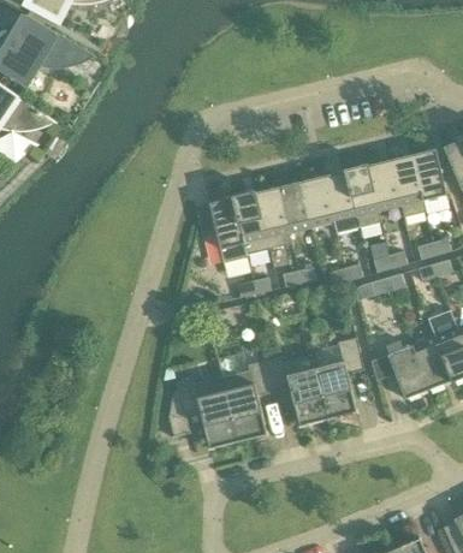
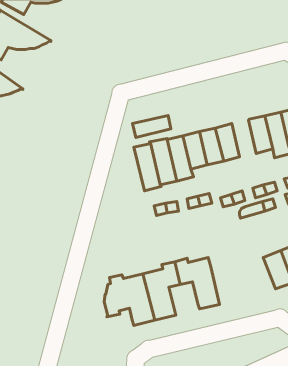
building: none -> [133,115,171,137]
building: [342,163,379,228] -> none
building: [314,338,362,420] -> none

